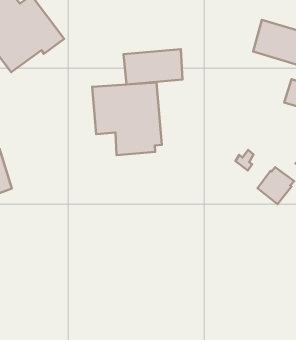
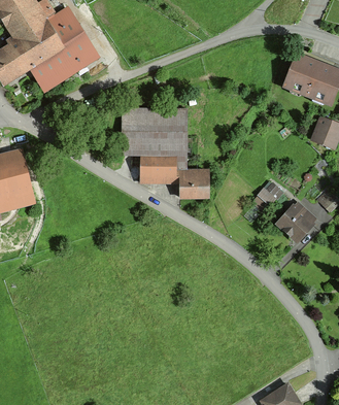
building: [123,49,183,85] -> none
building: none -> [179,172,208,198]

